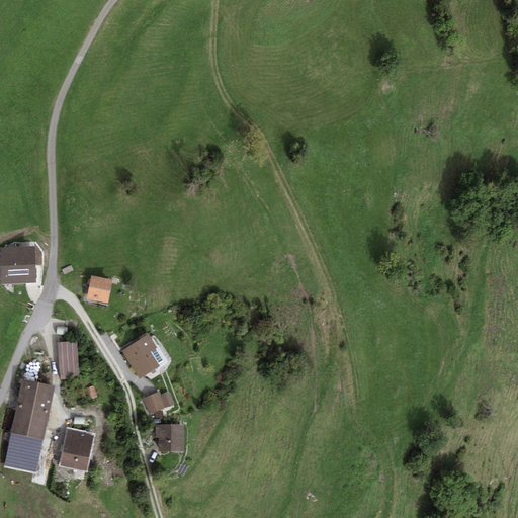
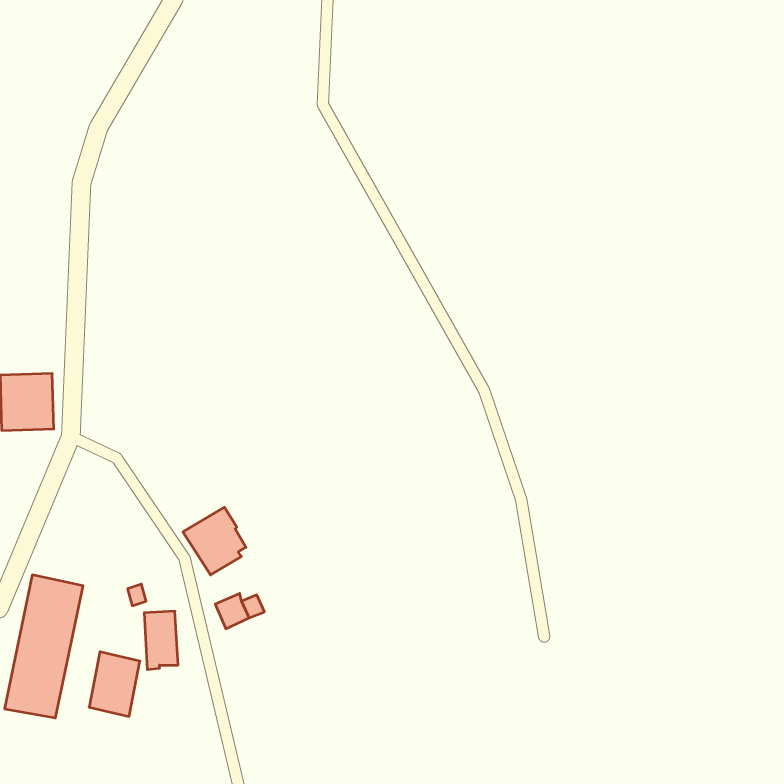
building: [86,275,111,303] -> none
building: [56,342,78,380] -> [144,611,178,670]
building: [155,424,183,452] -> none

